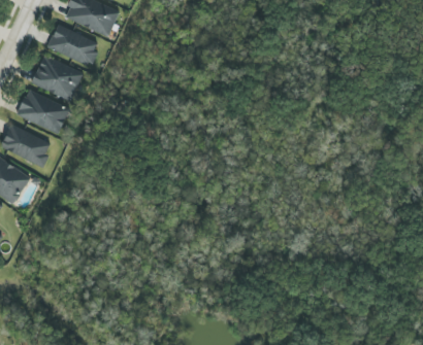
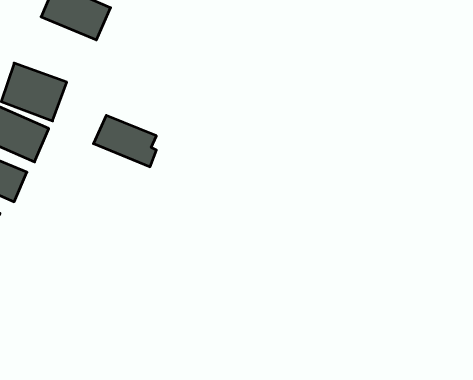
building: [46,25,97,66] -> [93,115,156,167]

